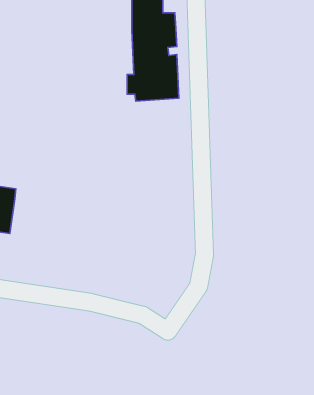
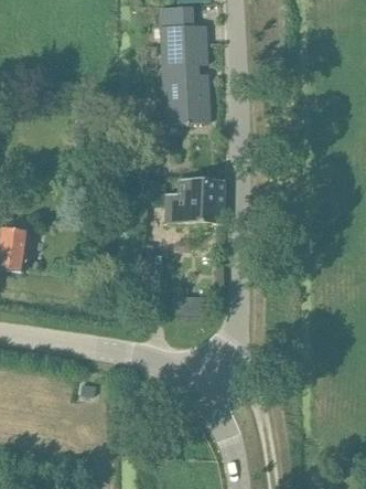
building: none -> [140,178,224,223]

